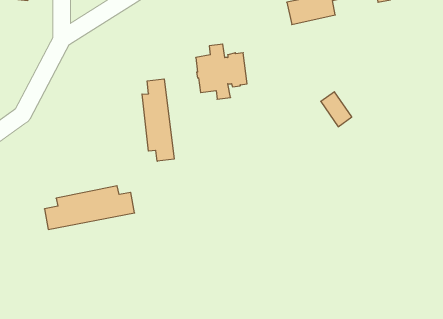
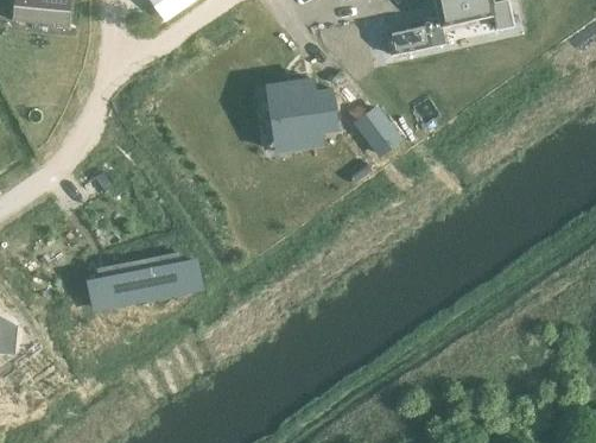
building: [142,79,174,161] -> none
building: [321,92,352,127] -> [356,112,394,154]

